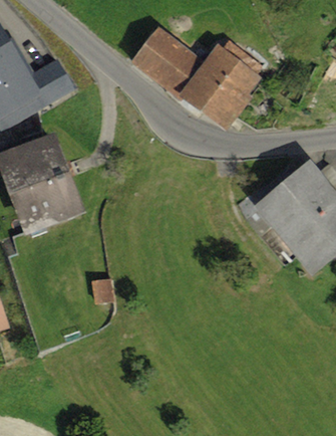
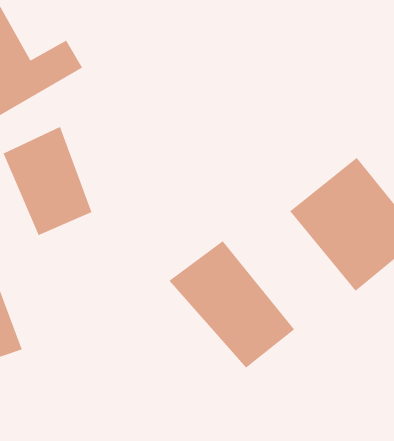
building: [136,27,265,122] -> none
building: none -> [169,240,295,369]

